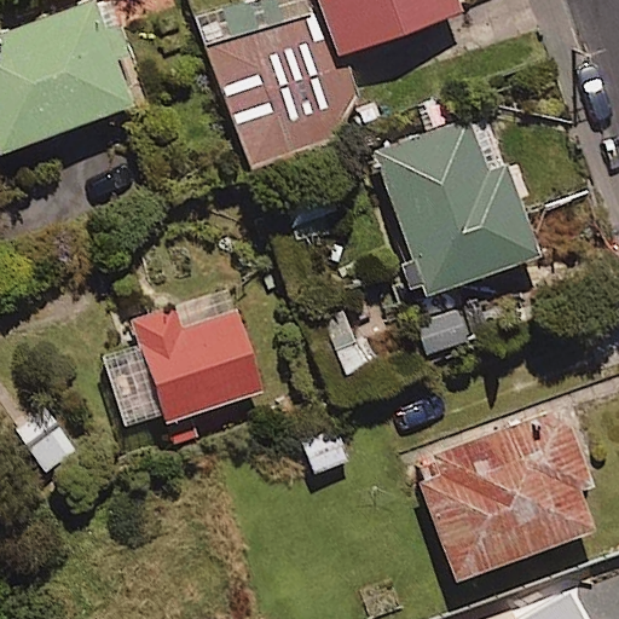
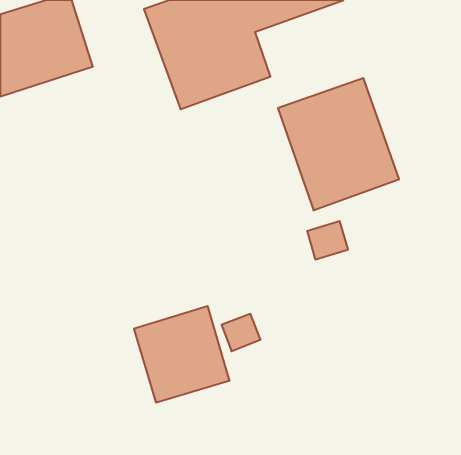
building: [133,293,260,421] -> [134,306,230,402]
building: [421,417,594,575] -> none

